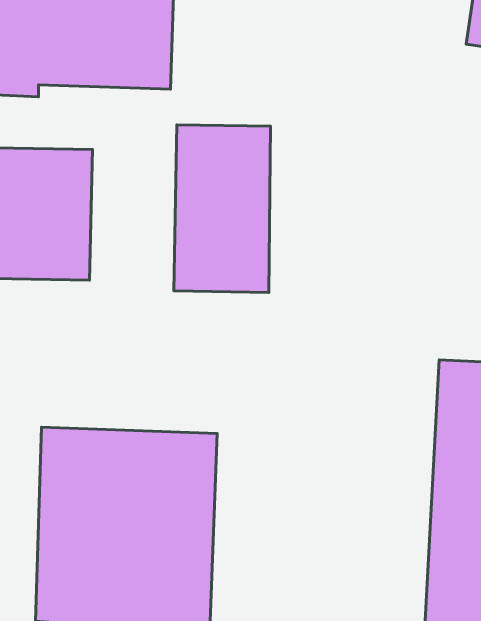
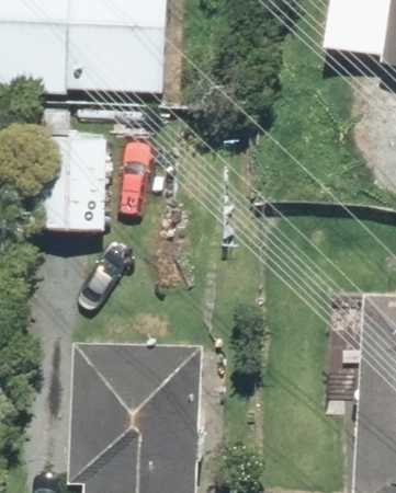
building: [174,125,270,292] -> none

